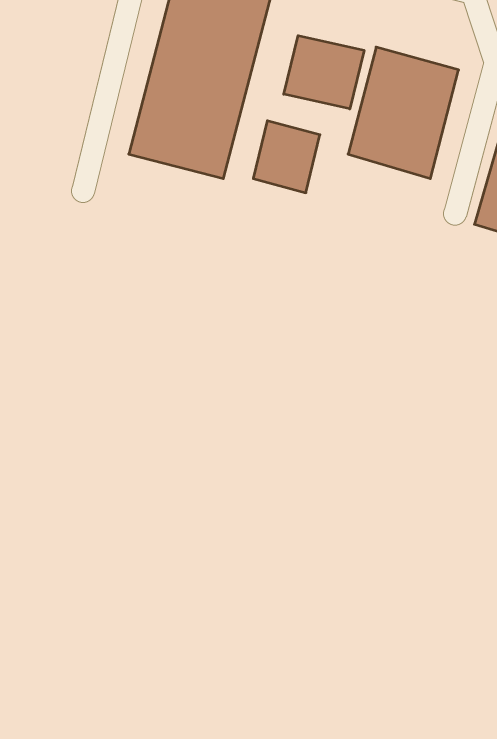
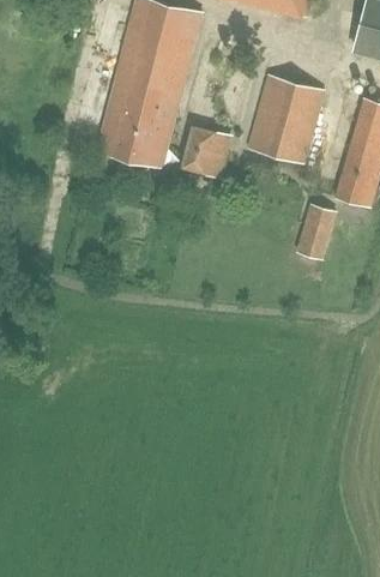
building: [284,36,364,109] -> none
building: none -> [295,204,336,258]

